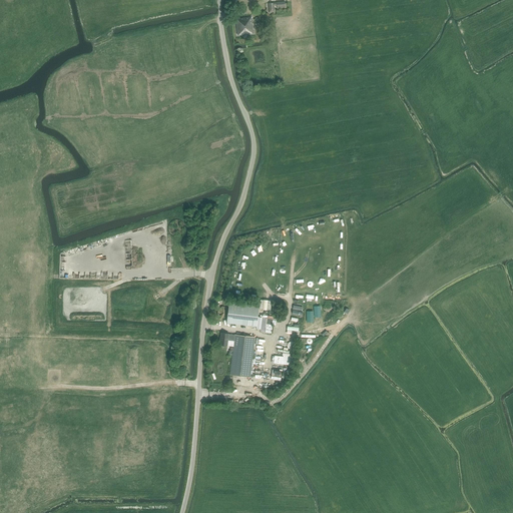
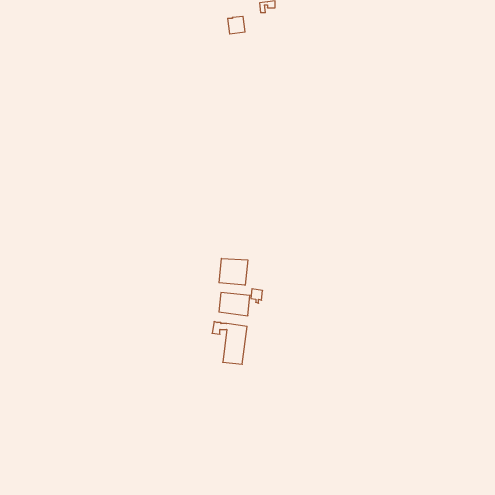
building: none -> [219,258,248,285]

